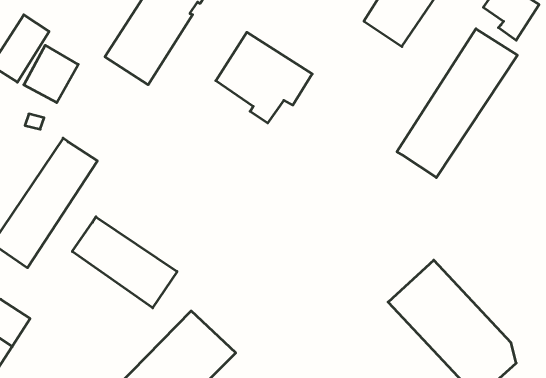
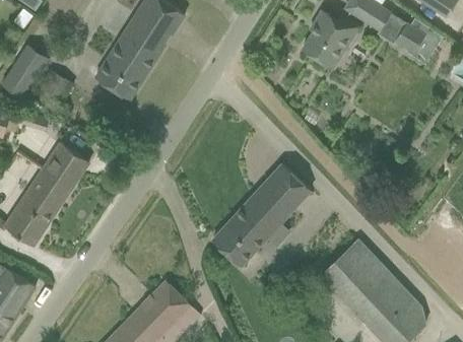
building: [397,29,517,178] -> none
building: [216,32,312,123] -> none
building: none -> [212,163,311,266]
building: [72,217,177,308] -> none

